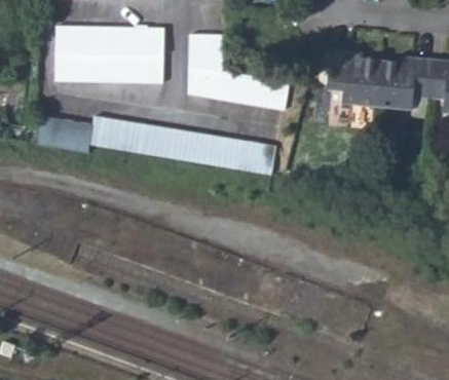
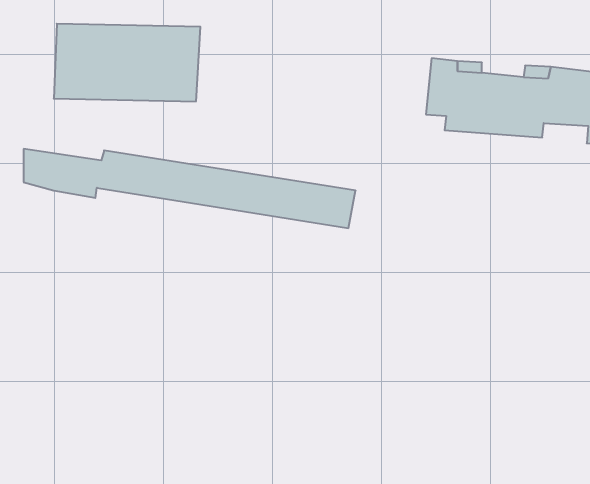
building: [187,33,284,98] -> none

